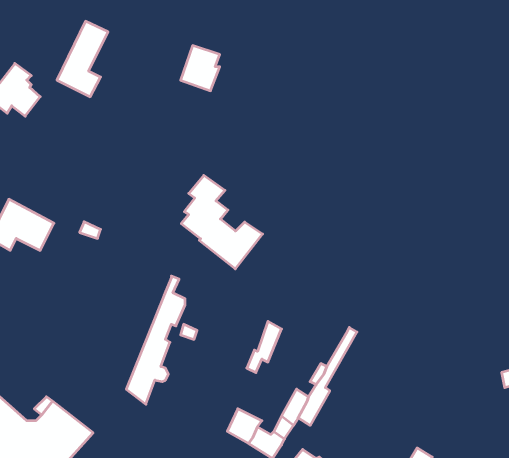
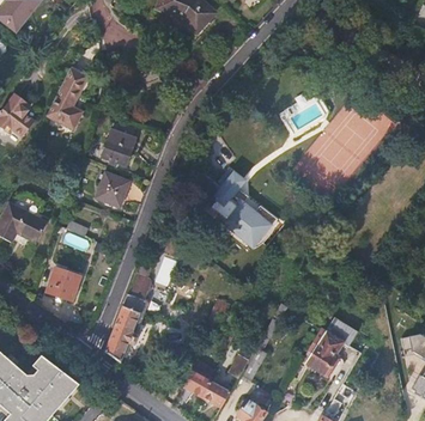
building: [181,46,220,91] -> [99,130,130,166]
building: none -> [96,173,128,207]
building: [181,175,263,269] -> [210,169,274,243]
building: none -> [47,268,80,301]
building: none -> [305,317,358,378]

